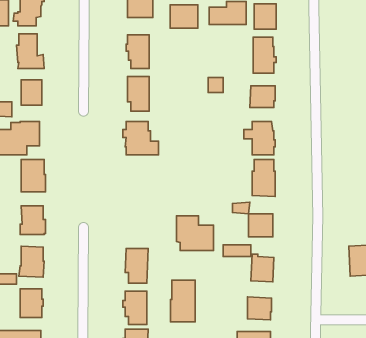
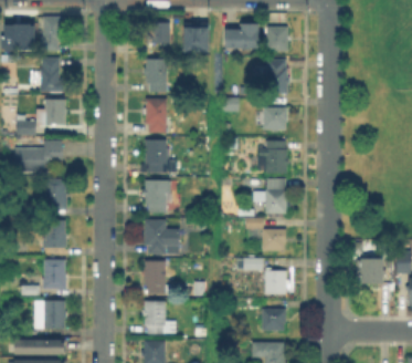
building: none -> [142,180,169,214]
building: [177,216,214,251] -> [145,220,180,253]
building: [171,280,195,322] -> none

